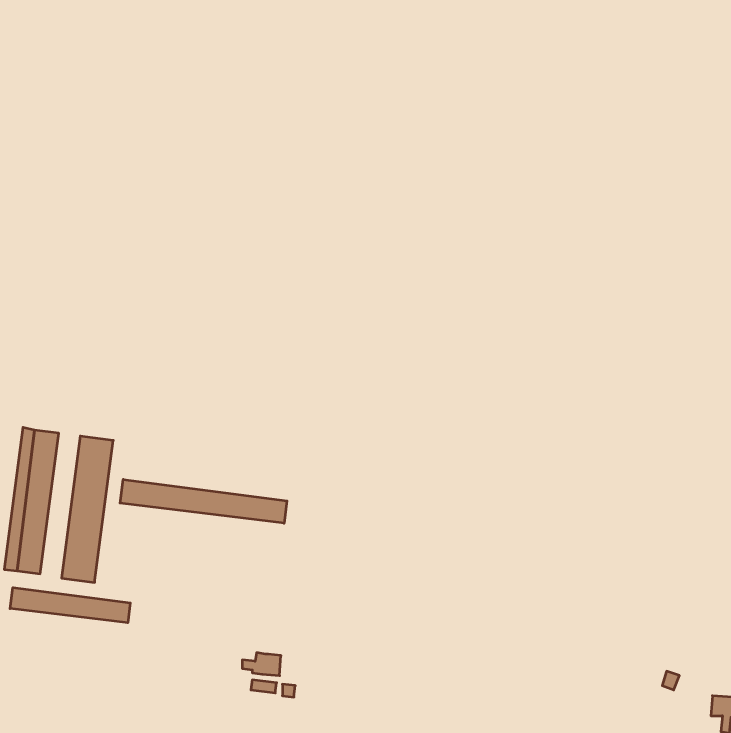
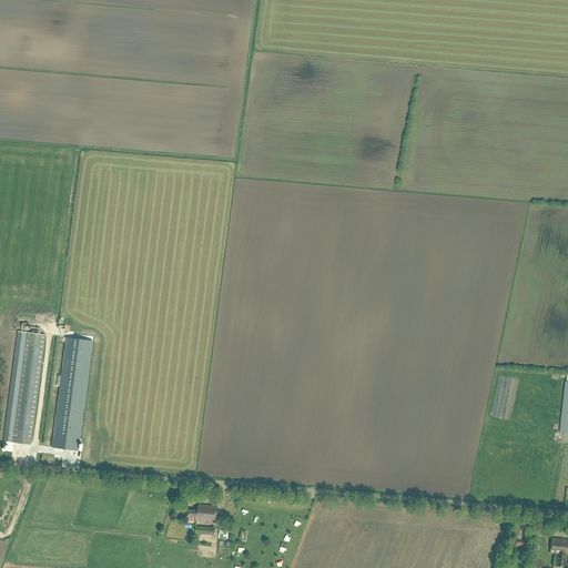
building: [120,479,287,523] -> none
building: [10,588,130,623] -> none

